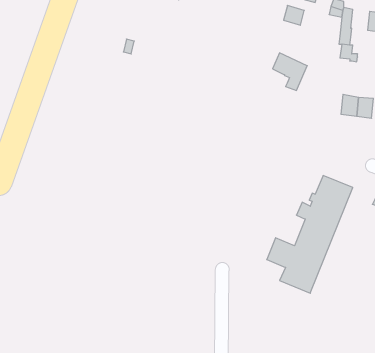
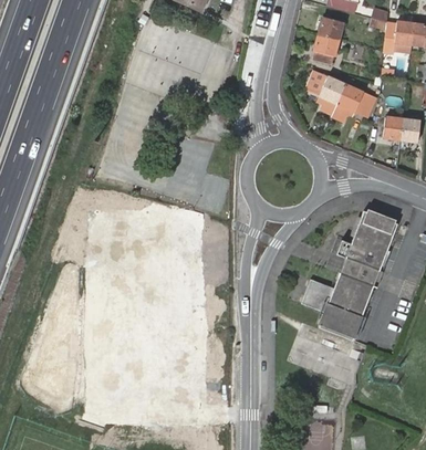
building: none -> [395,21,416,53]
building: none -> [314,33,339,64]
building: none -> [332,84,376,121]

